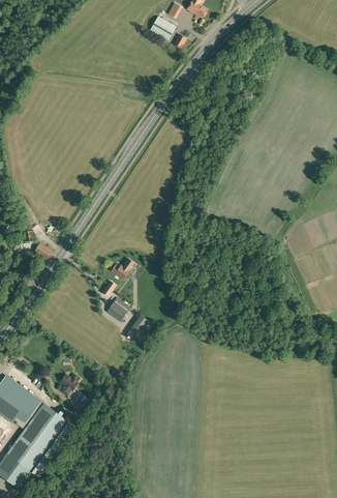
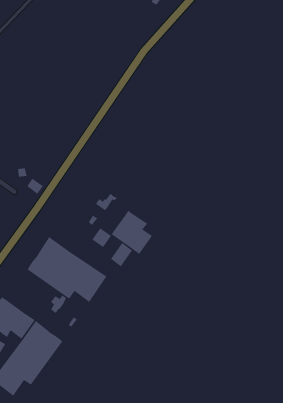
building: none -> [111,210,153,255]
building: none -> [27,236,107,303]

